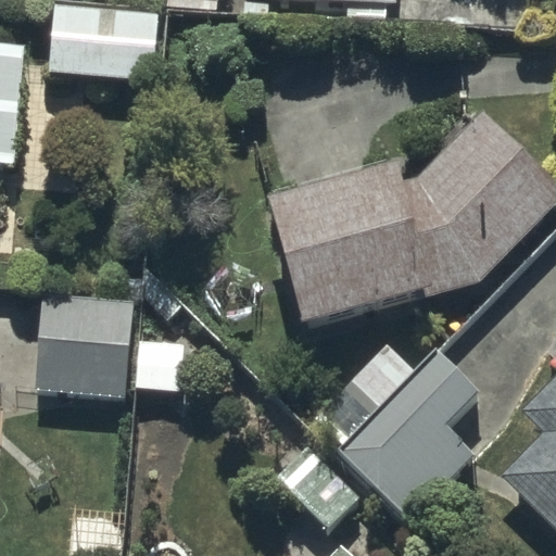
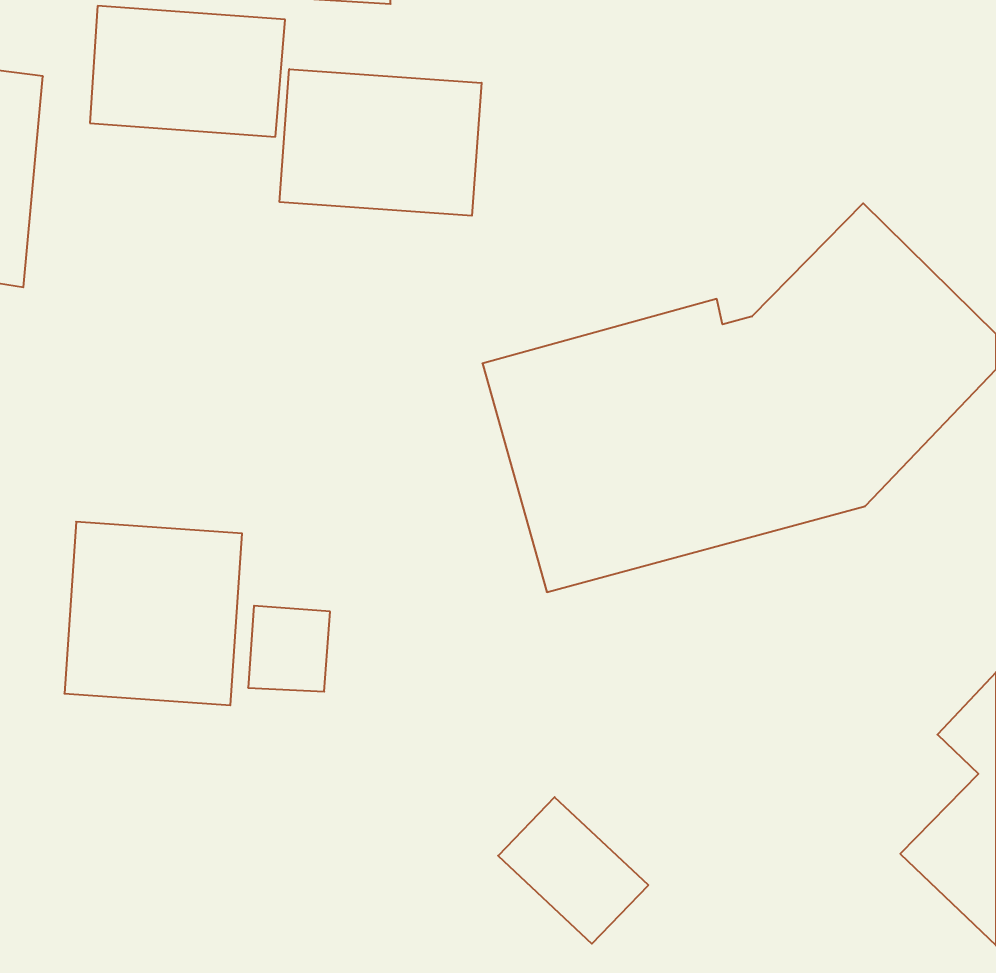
building: none -> [280,69,482,216]
building: [342,352,478,517] -> none

